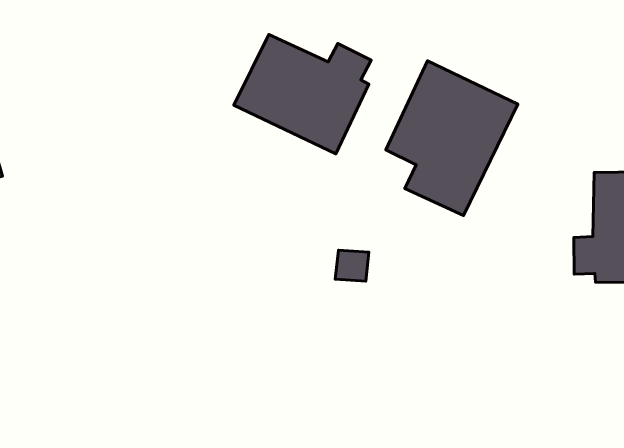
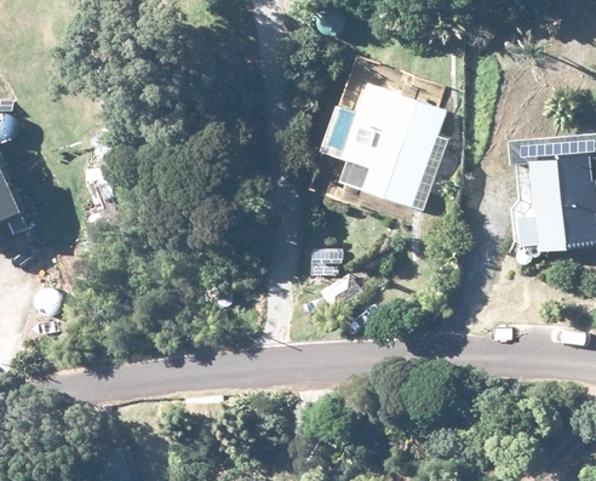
building: [234,34,371,154] -> none

